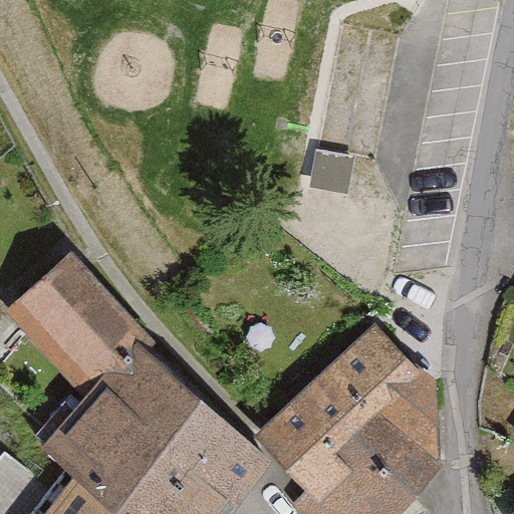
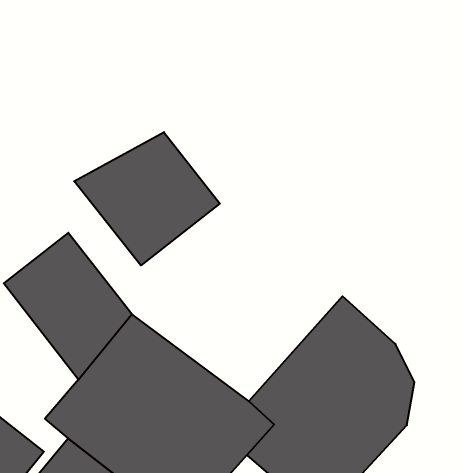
building: none -> [74,132,220,265]

